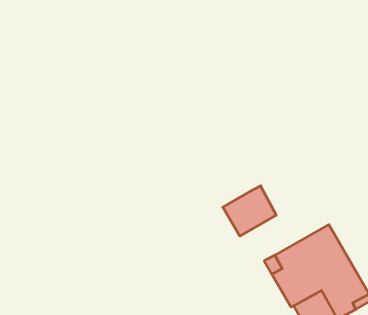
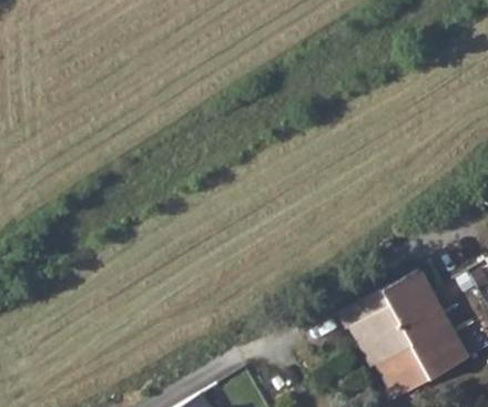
building: [223,186,276,236] -> none

